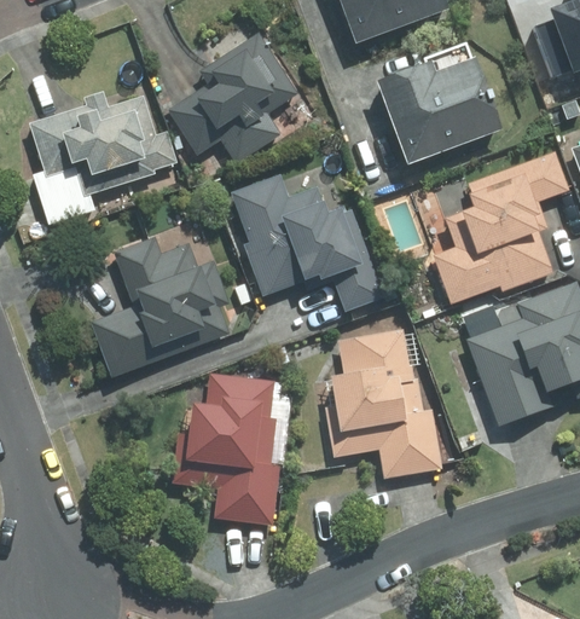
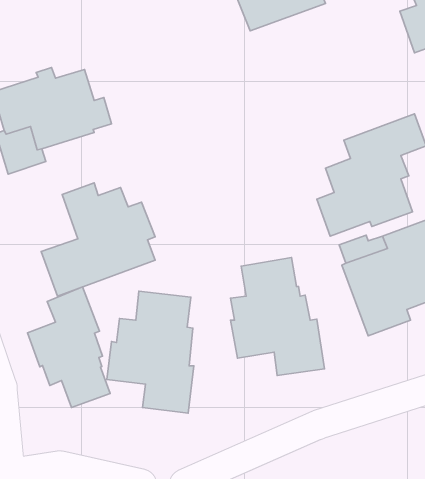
building: [168,31,298,162] -> none
building: [371,44,498,168] -> none
building: [232,175,385,312] -> none
building: none -> [28,287,110,407]

